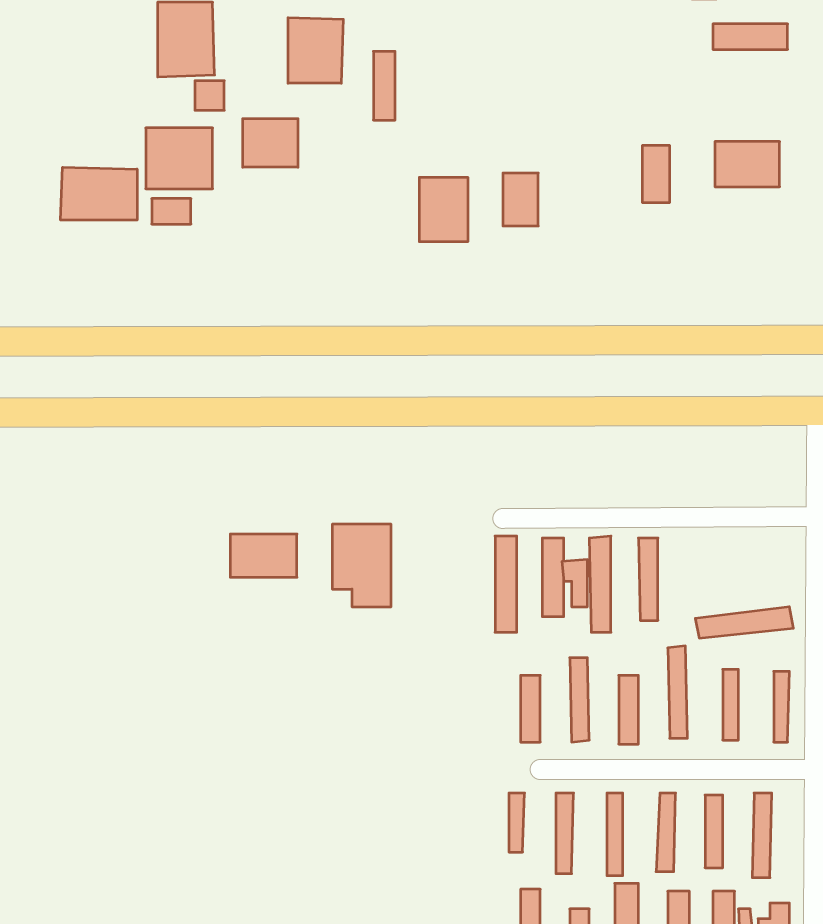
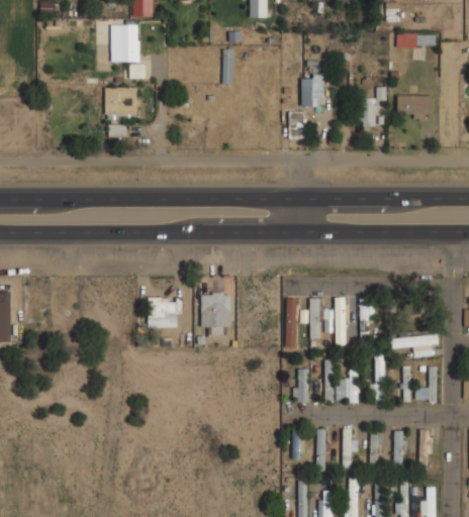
building: [288,18,343,83] -> none
building: none -> [301,74,324,106]
building: [243,119,298,167] -> none
building: [61,167,137,220] -> none
building: [419,177,468,242] -> none

